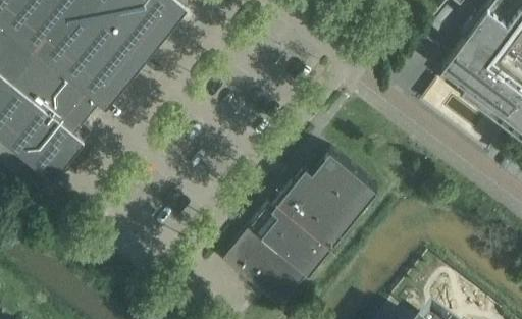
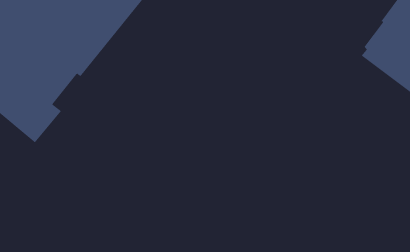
building: [222,153,377,310] -> none

